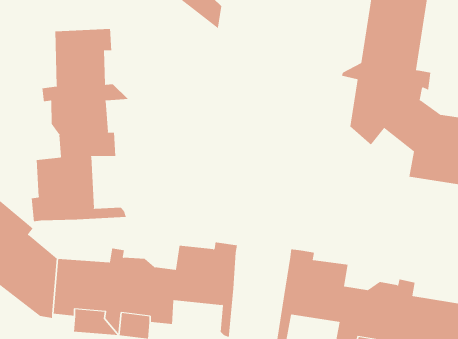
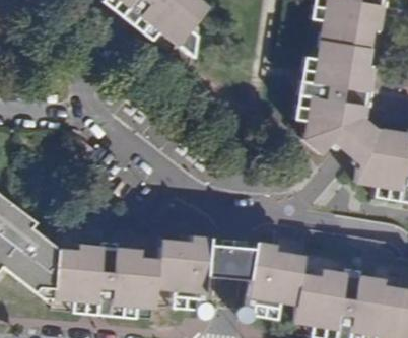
building: [31,28,129,222] -> none
building: none -> [207,245,254,280]

